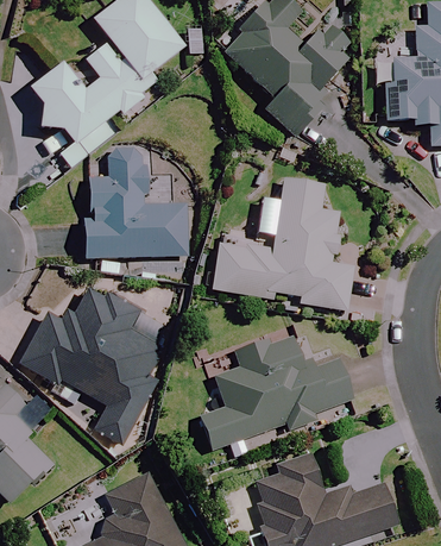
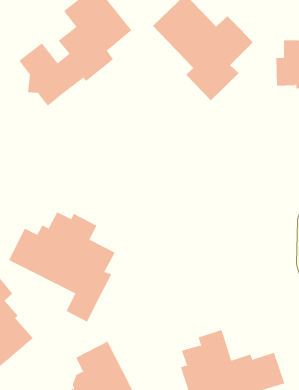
building: [94,143,193,253] -> none
building: [210,177,352,309] -> none
building: [195,335,352,450] -> none

